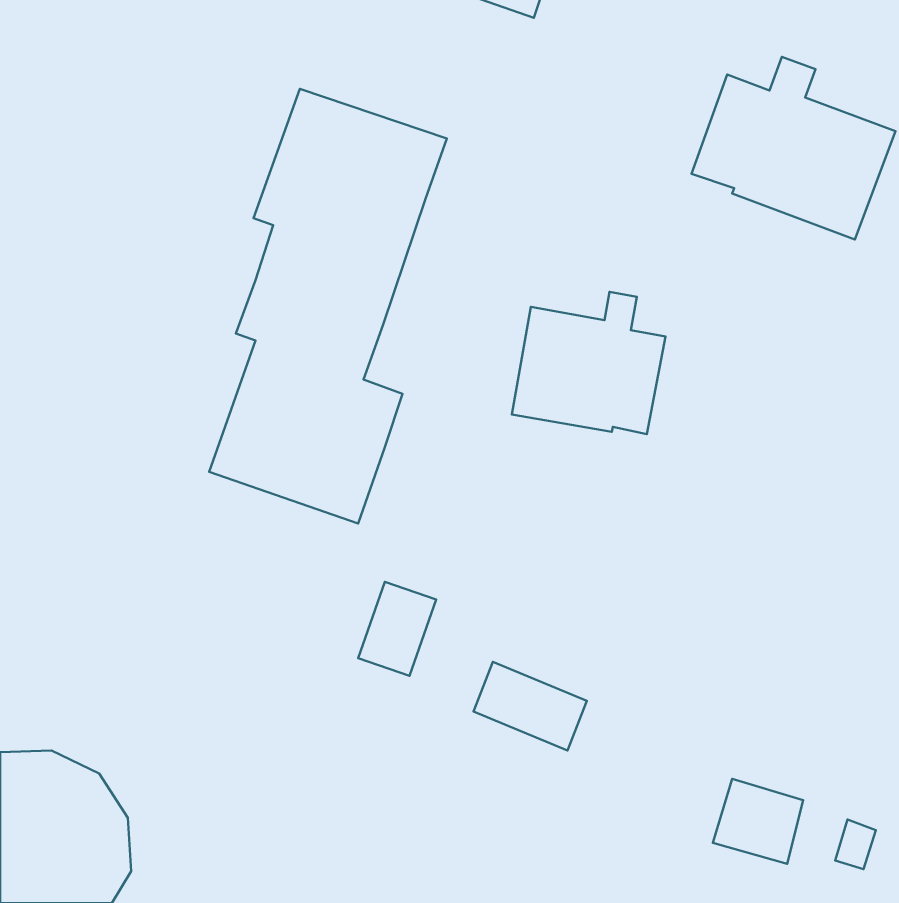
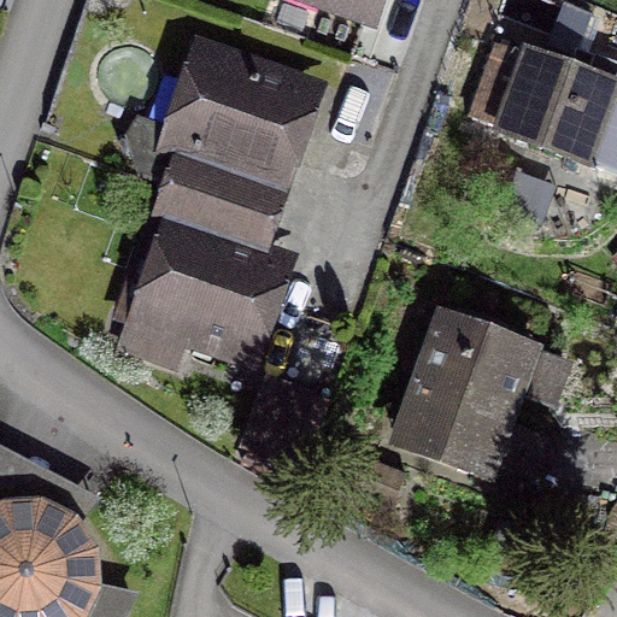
building: [512,292,665,434] -> none
building: none -> [402,318,534,466]

